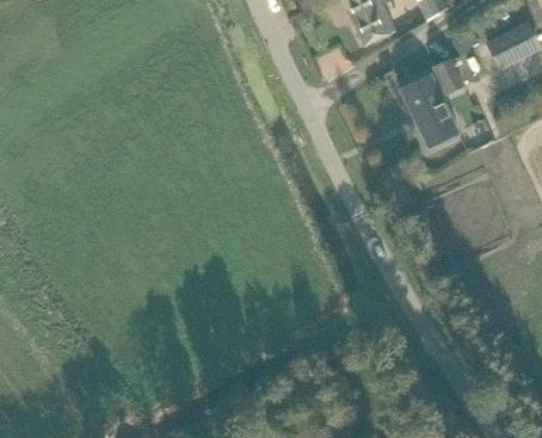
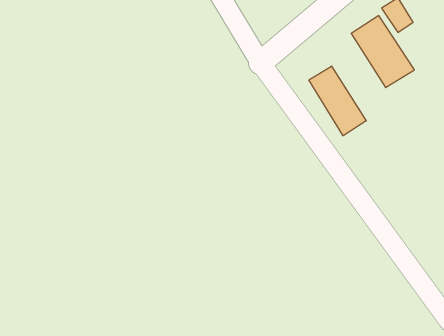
building: none -> [309,66,366,136]

